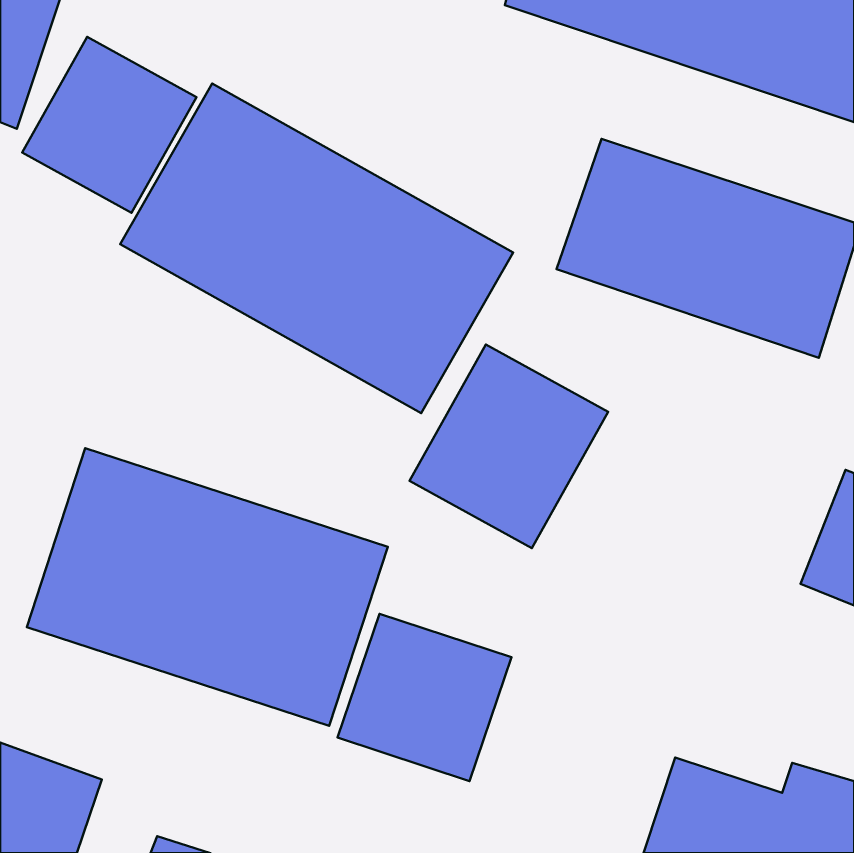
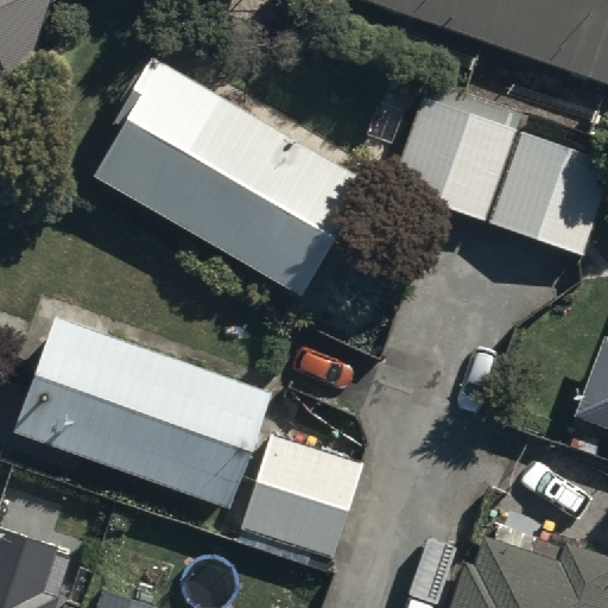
building: [22,37,197,213] -> none
building: [409,344,608,548] -> none

